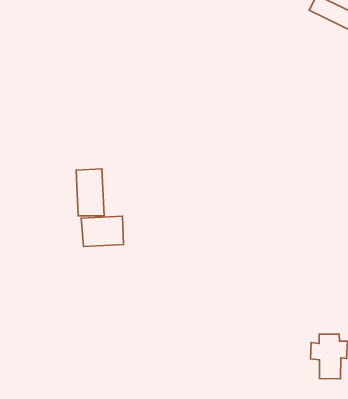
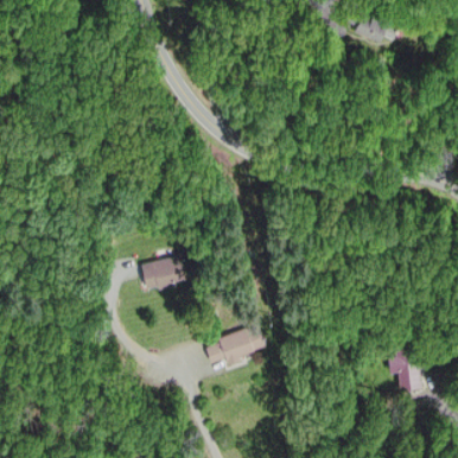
building: [76,169,104,216] -> none
building: none -> [205,324,267,364]

